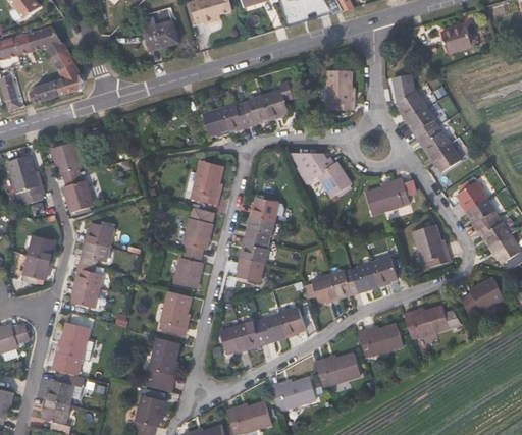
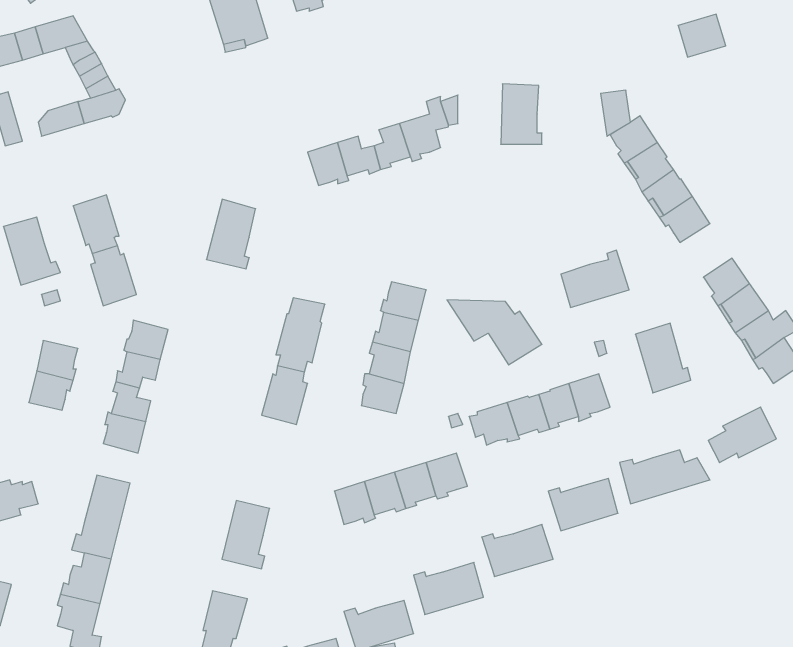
building: [292,153,353,195] -> [447,300,542,365]
building: [191,160,222,205] -> [206,199,256,269]
building: [159,291,191,335] -> none

